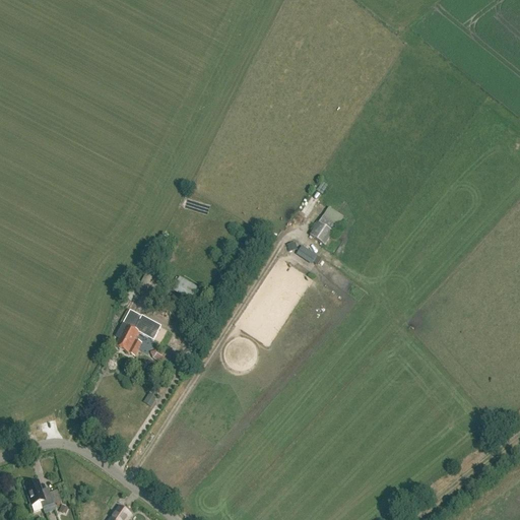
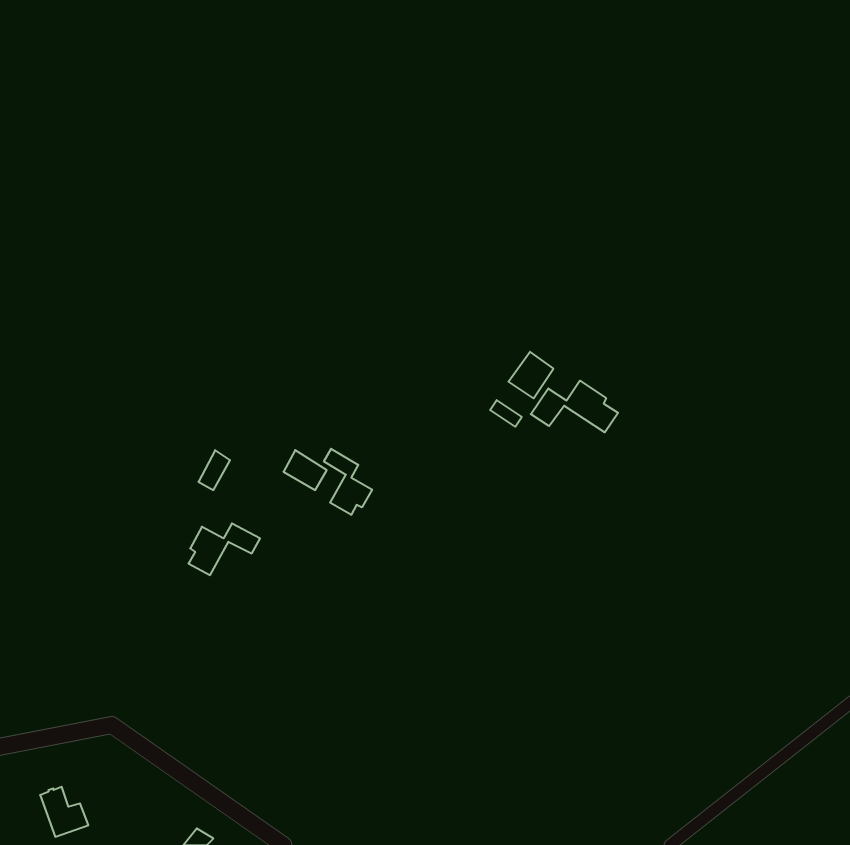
building: none -> [531,381,618,432]
building: none -> [324,449,372,515]

